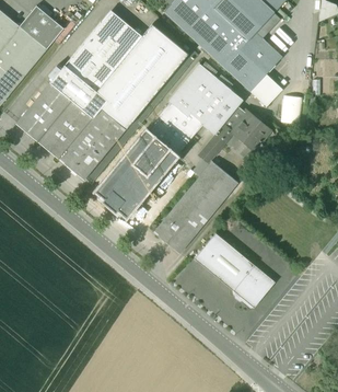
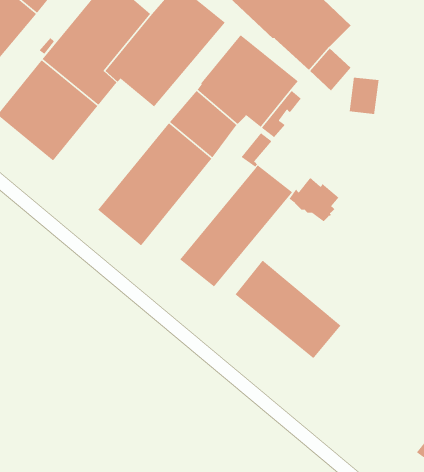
building: [59,97,135,180] -> none
building: [229,112,267,146] -> [288,177,340,222]

